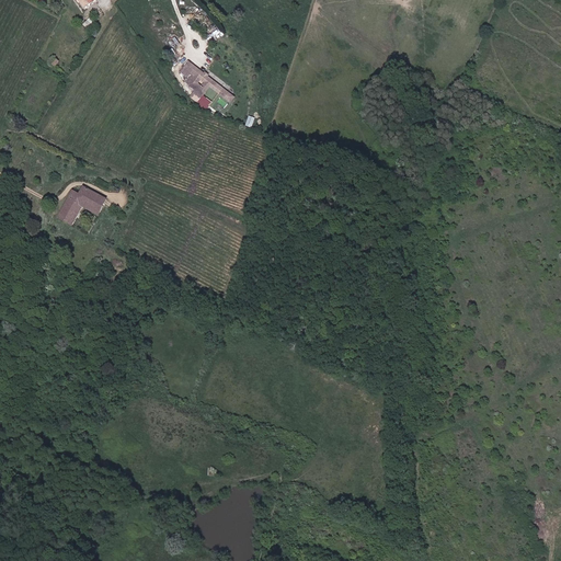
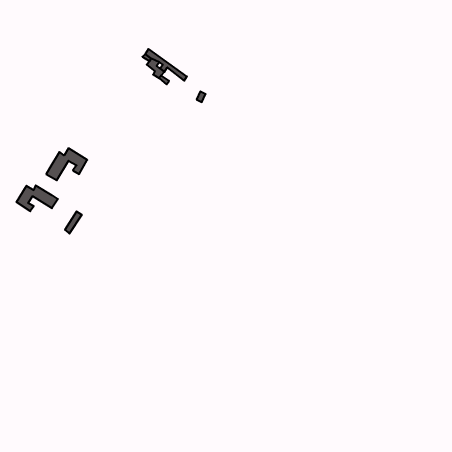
building: none -> [17,185,58,211]

